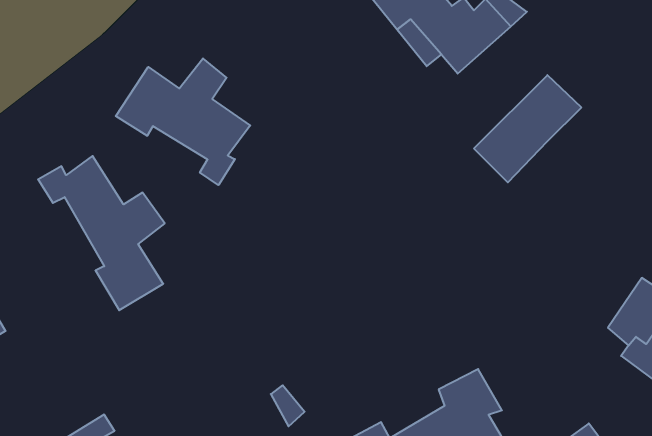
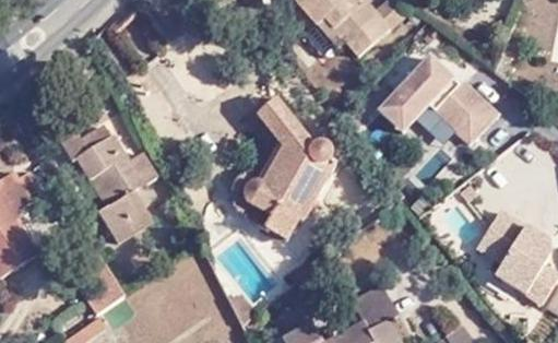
building: [116,58,250,185] -> none
building: none -> [432,81,501,145]
building: none -> [246,98,333,236]

